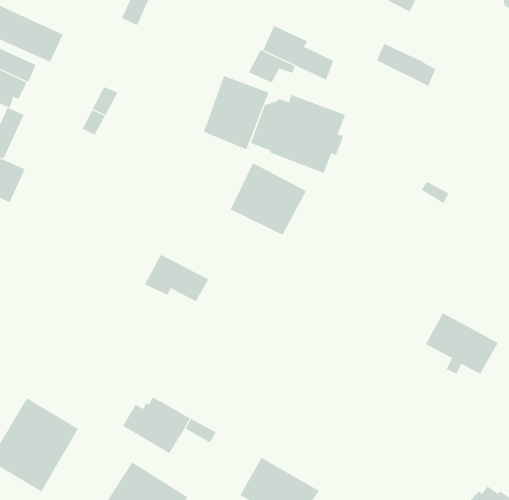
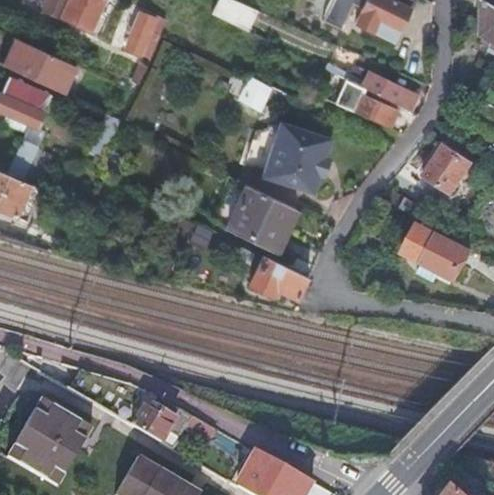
building: [262,25,334,80] -> [327,76,393,127]
building: [203,75,269,150] -> none
building: none -> [423,147,473,207]
building: [144,254,209,302] -> [250,254,310,298]
building: [425,312,499,374] -> [402,226,470,283]

